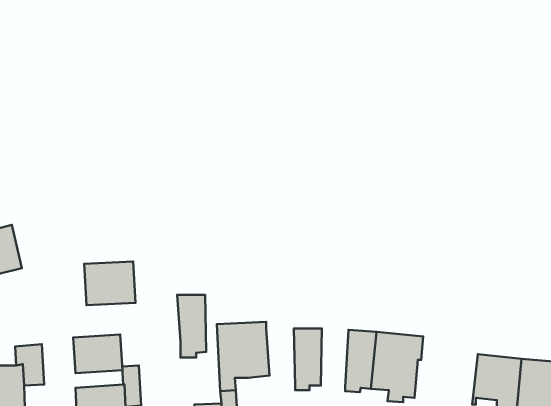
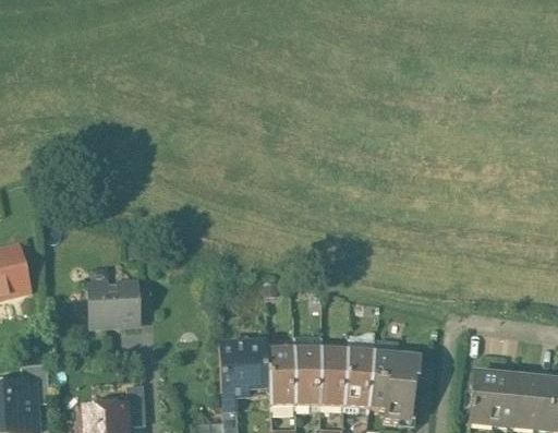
building: [177,295,206,357] -> [267,347,295,408]
building: none -> [320,347,348,408]
building: [73,334,122,373] -> none

